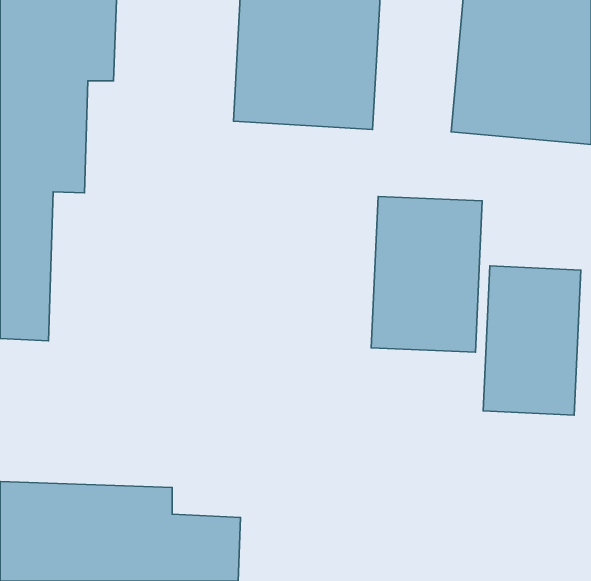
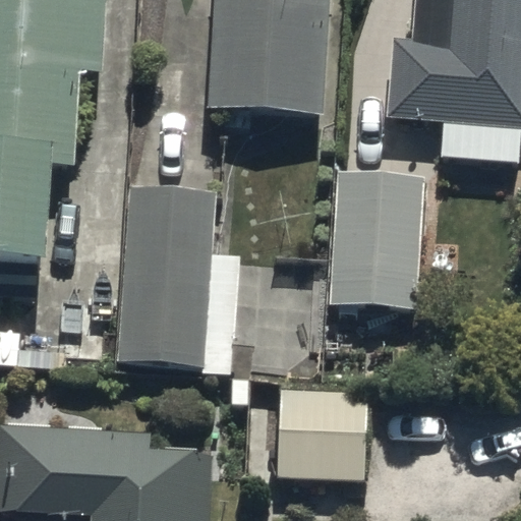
building: none -> [116,183,237,373]
building: [483,266,581,415] -> none
building: none -> [275,388,363,483]

